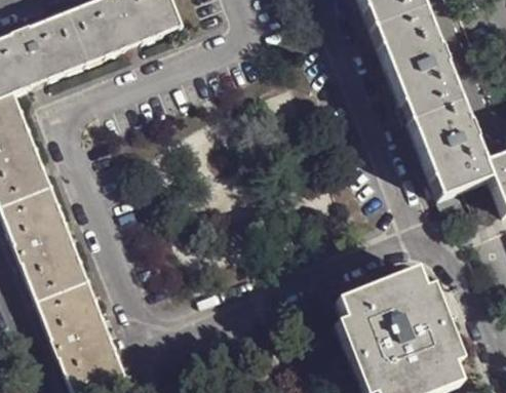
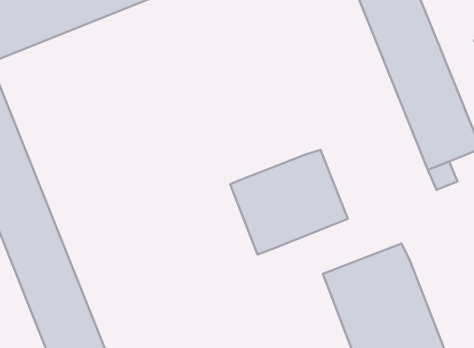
building: none -> [230,150,348,255]

